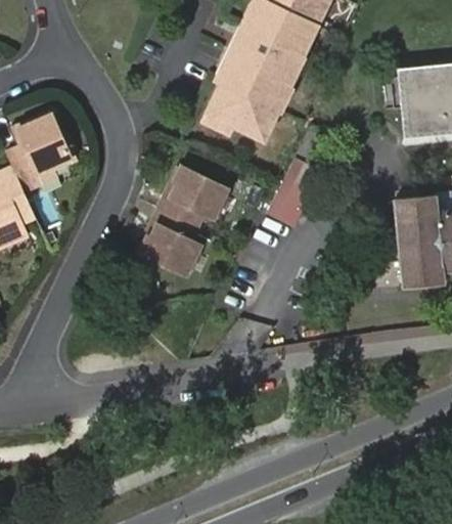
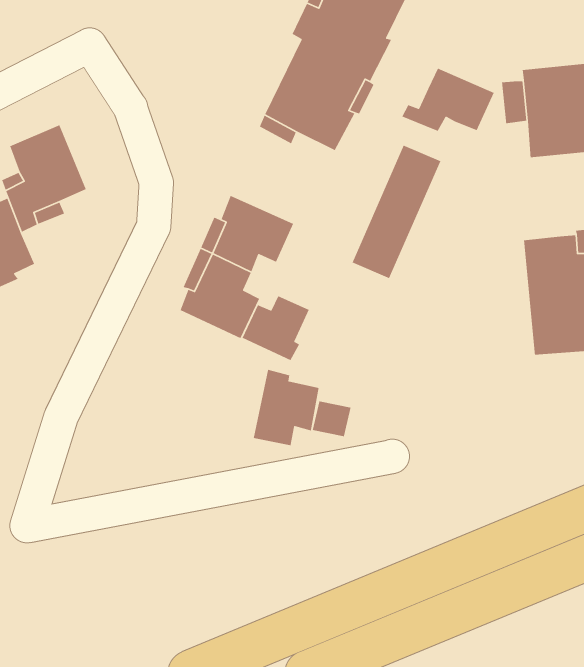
building: none -> [401,67,495,132]
building: none -> [242,295,310,361]
building: none -> [253,369,319,446]

